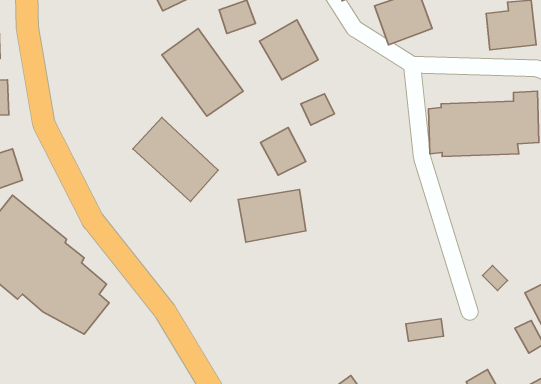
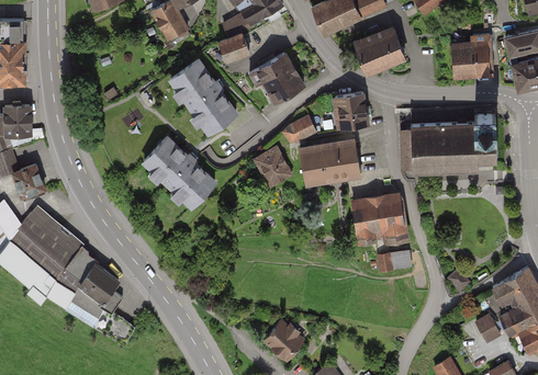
building: none -> [334,93,370,128]
building: none -> [350,192,406,241]
building: [238,189,306,242] -> [300,138,359,184]
building: [406,319,444,341] -> [378,250,411,270]
building: none -> [264,320,304,360]

